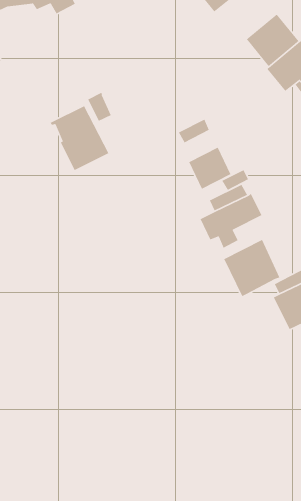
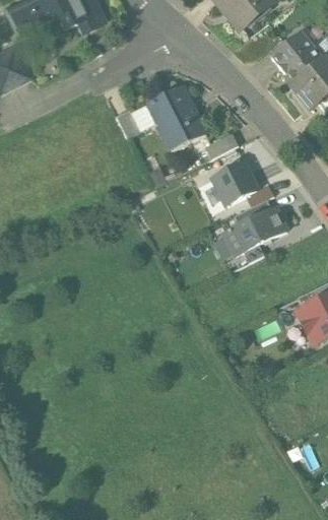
building: [50,105,109,171] -> [145,85,204,150]
building: [223,239,281,297] -> none

